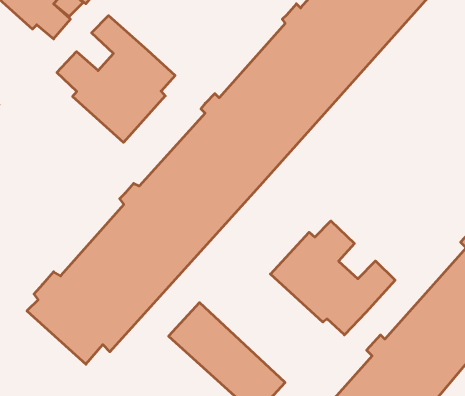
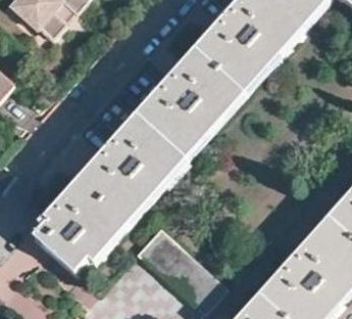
building: [57,16,175,142] -> none
building: [270,221,395,335] -> none

